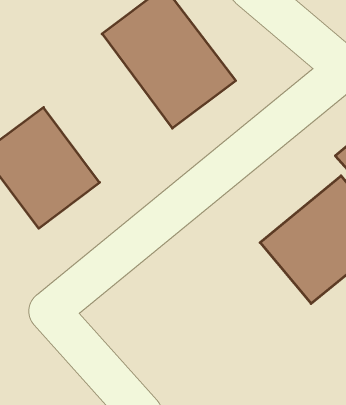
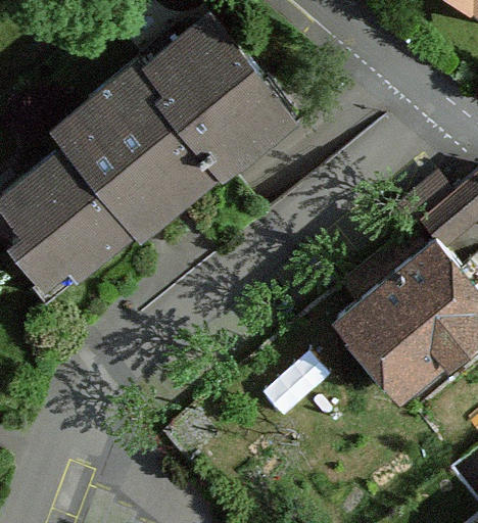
building: none -> [48,67,223,249]

